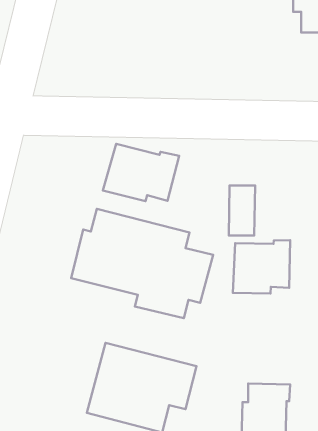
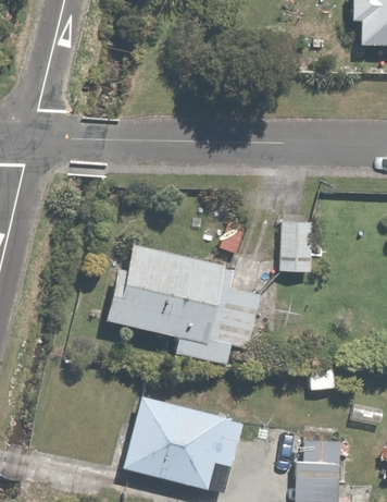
building: [103,144,179,201] -> none
building: [233,240,290,294] -> none

